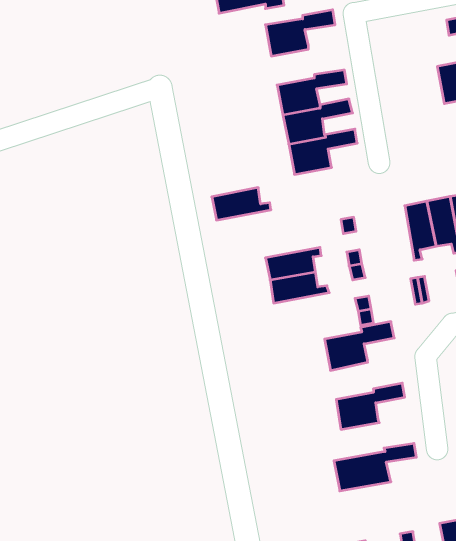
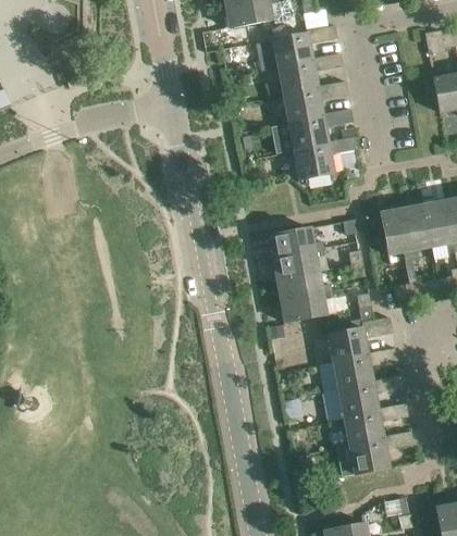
building: none -> [277,52,343,95]
building: [212,188,271,220] -> [268,226,323,257]
building: none -> [380,208,411,260]
building: none -> [280,289,333,321]
building: none -> [333,347,398,389]
building: none -> [343,402,408,445]

